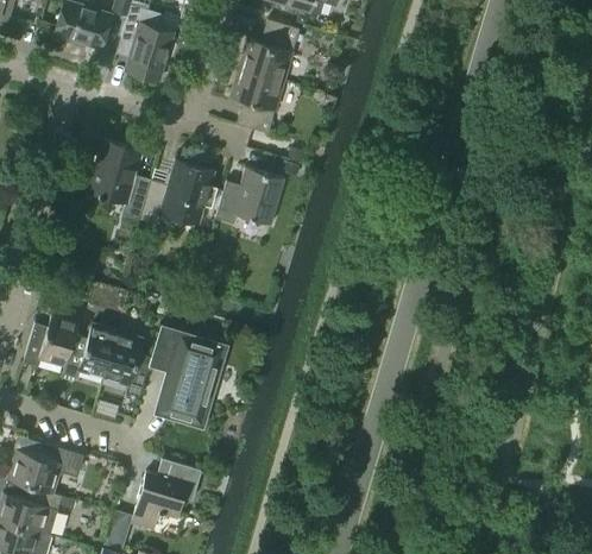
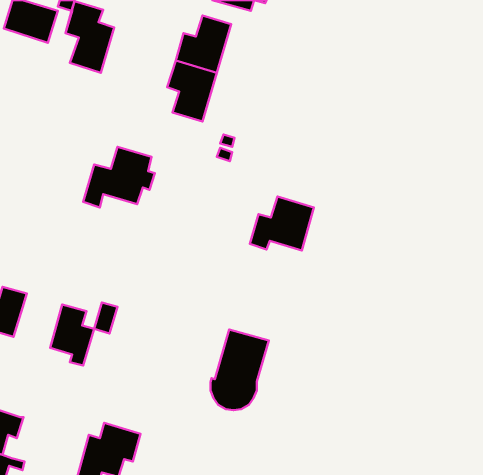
building: [87,140,151,221] -> none
building: [215,168,284,226] -> [250,197,314,251]
building: [62,325,116,379] -> none
building: [160,336,223,423] -> [210,330,269,410]

